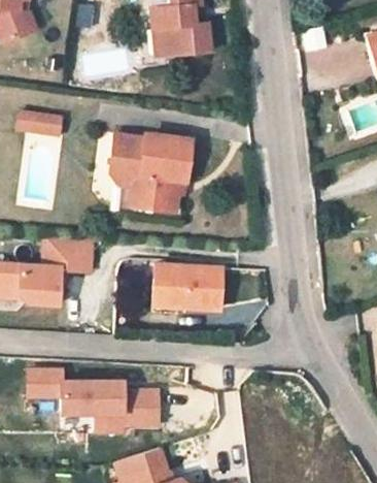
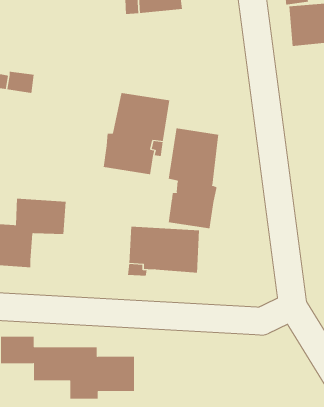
building: [110,134,145,186] -> none
building: none -> [168,128,219,229]

